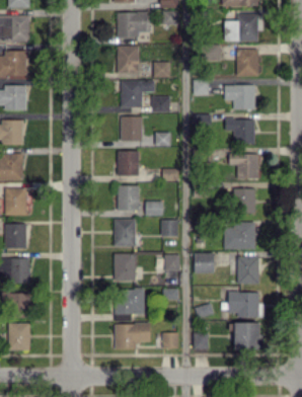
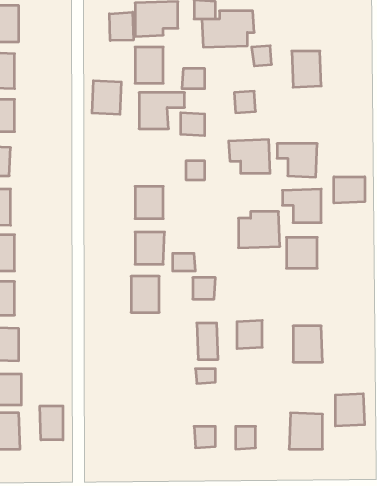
building: [224,14,263,42] -> [202,11,254,47]
building: none -> [109,12,133,41]
building: [224,84,255,109] -> [229,140,270,173]
building: [121,115,143,141] -> [92,81,121,114]
building: none -> [334,177,365,203]
building: [224,222,255,249] -> [238,212,280,248]
building: [114,253,136,281] -> none
building: [115,288,145,314] -> none
building: [237,292,259,316] -> [335,394,365,426]
building: none -> [40,406,63,440]
building: [115,323,150,348] -> none

